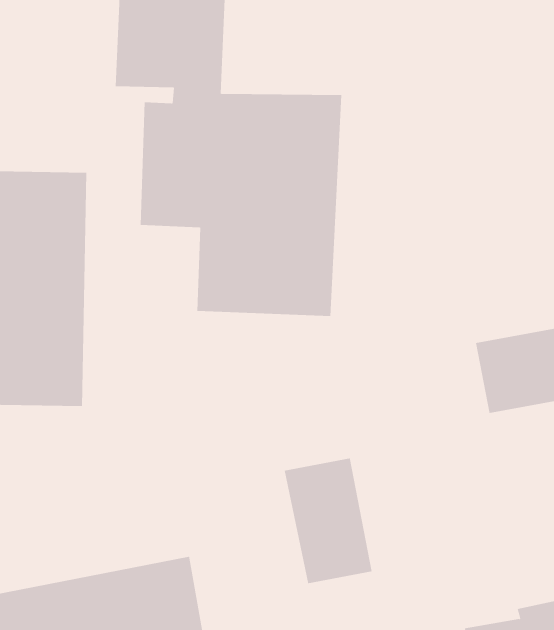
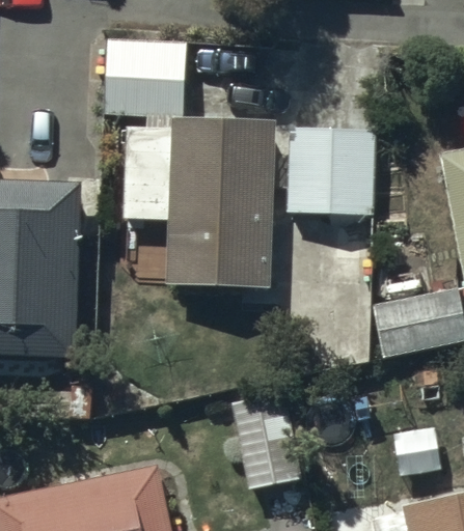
building: none -> [288,129,374,215]

